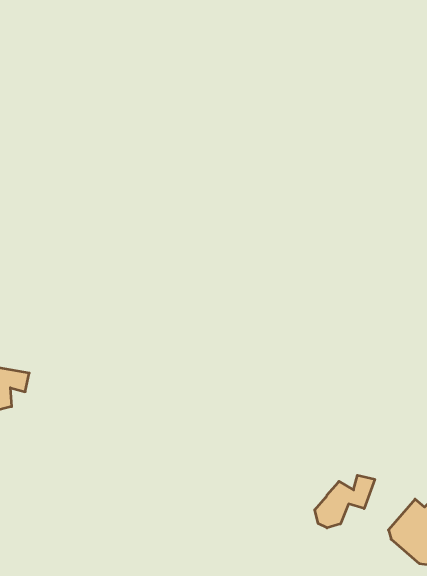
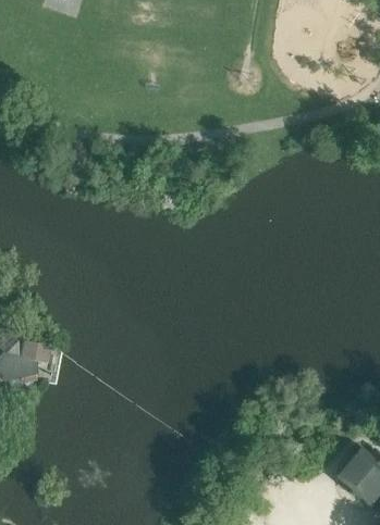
building: [315,475,375,528] -> none

